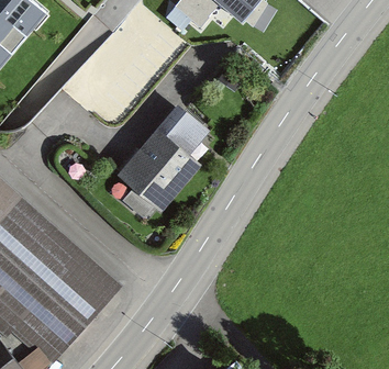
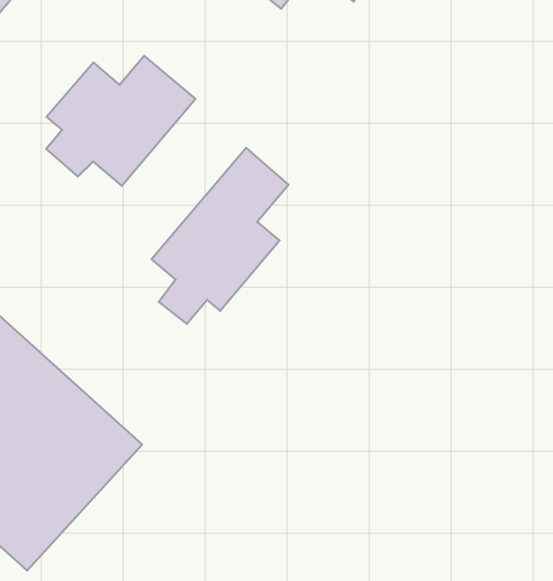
building: none -> [46,56,196,186]

